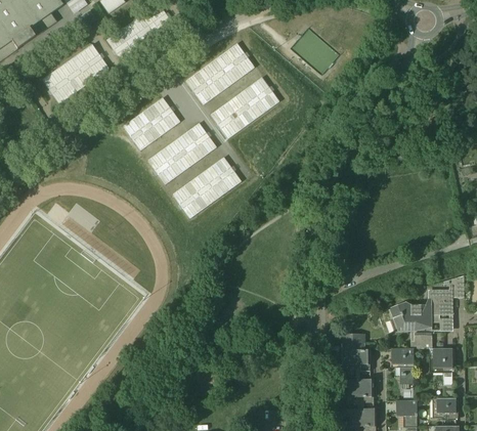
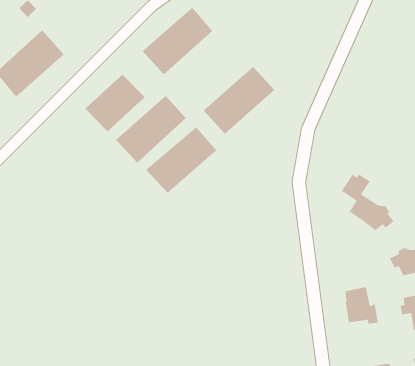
building: [209,77,280,137] -> [203,66,275,134]
building: none -> [341,173,394,231]
building: [340,379,373,402] -> none

